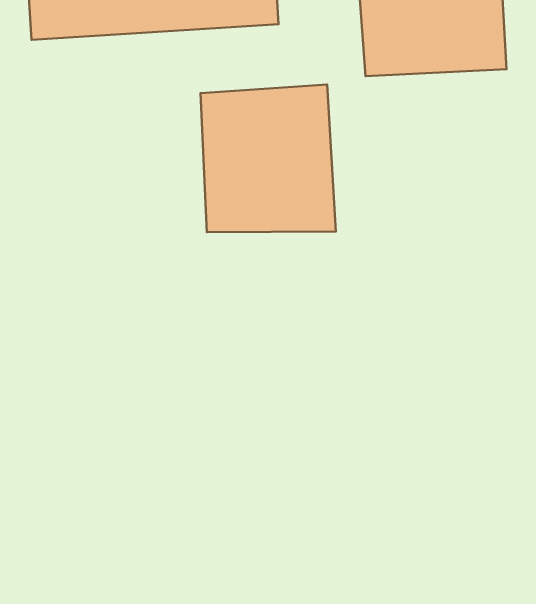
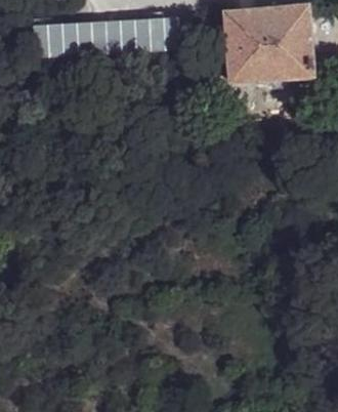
building: [201,85,336,232] -> none

